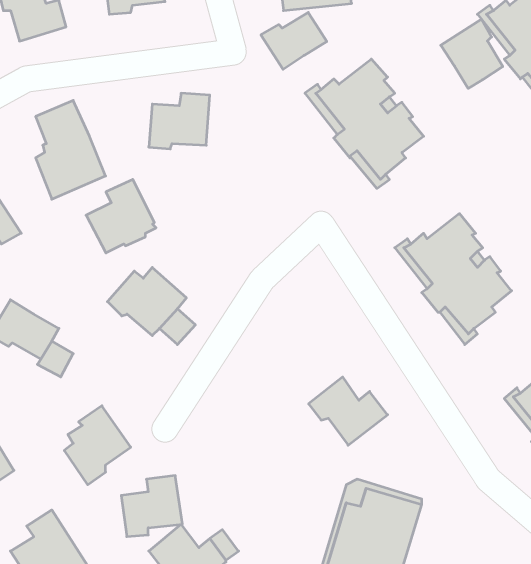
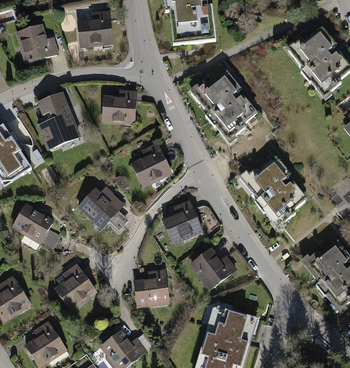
building: [261,12,327,69] -> none
building: [441,19,503,88] -> none
building: [86,179,156,253] -> [132,143,171,184]
building: none -> [163,200,203,241]
building: [121,476,182,537] -> [135,269,169,303]

